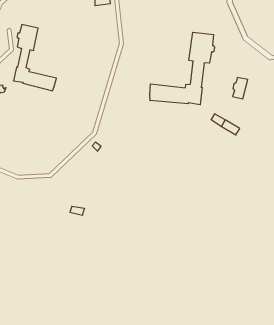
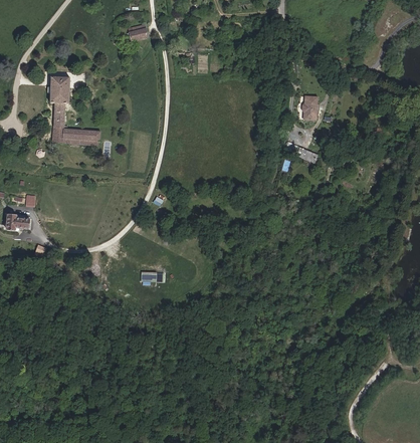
building: [150,32,215,105] -> none

